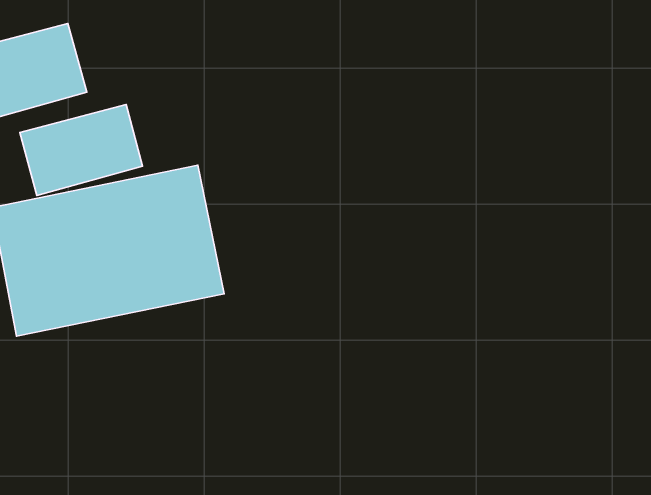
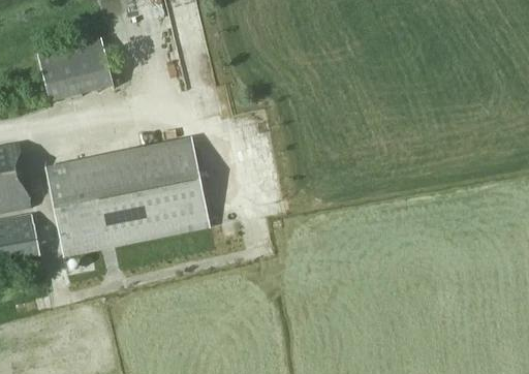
building: [20,104,142,195] -> none

